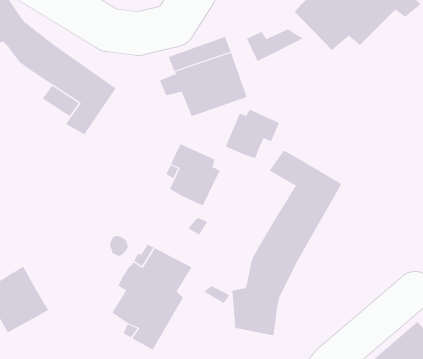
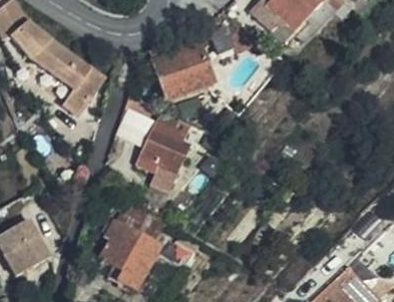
building: [225,109,280,159] -> none
building: [232,150,342,336] -> none

